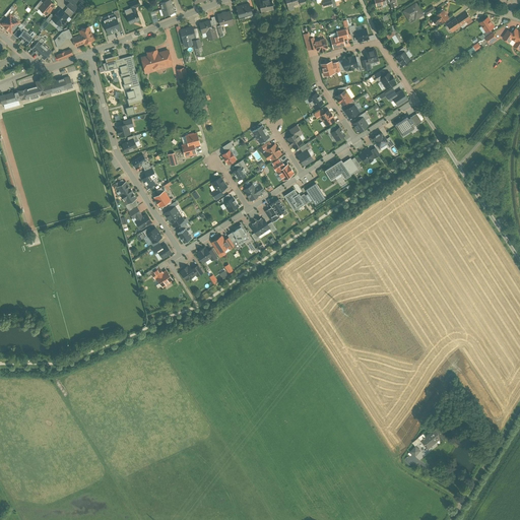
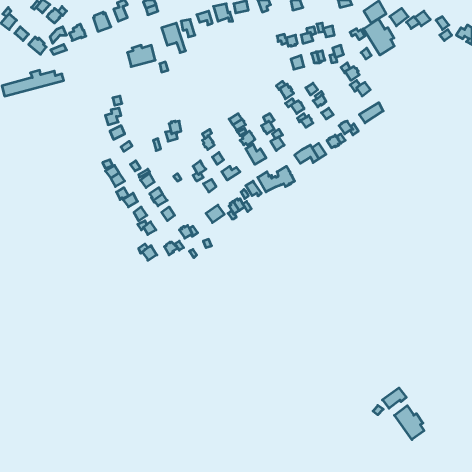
building: none -> [363,19,394,55]
building: [103,55,143,105] -> none
building: none -> [394,406,424,440]

